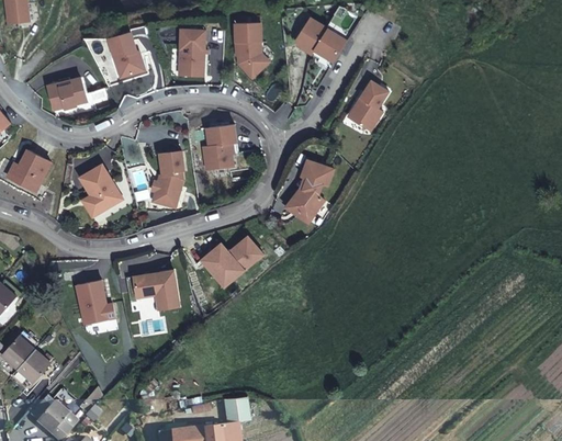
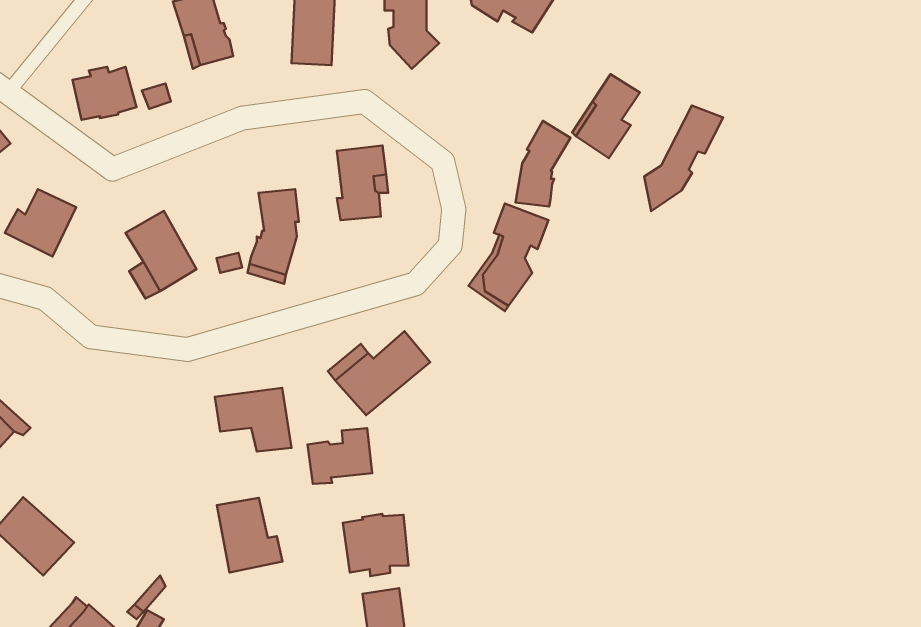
building: none -> [644,105,723,211]
building: none -> [516,121,570,207]
building: [75,280,114,325] -> [217,498,282,573]
building: none -> [307,428,372,484]
building: none -> [343,514,409,576]

